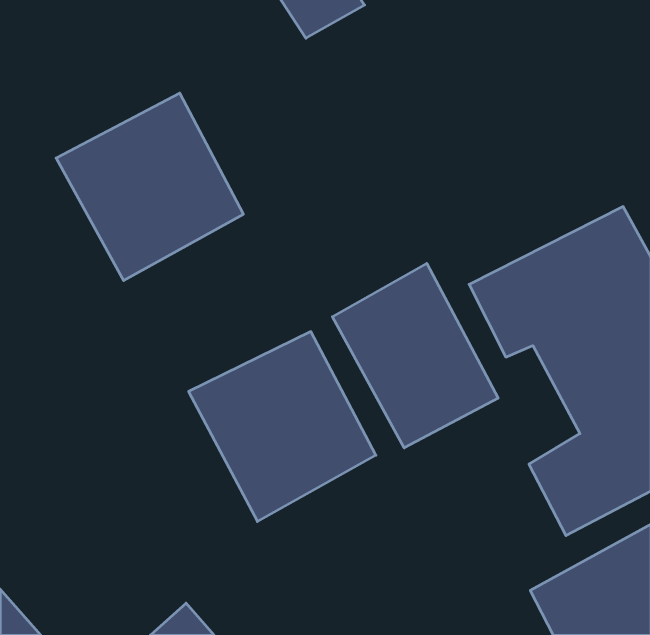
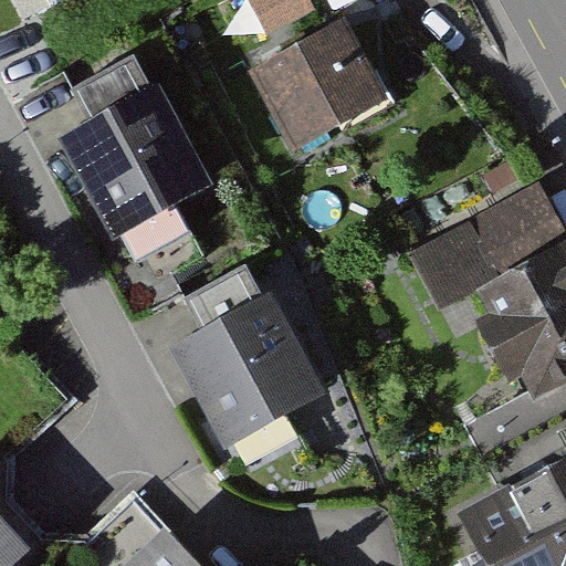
building: none -> [251,14,398,157]
building: [332,263,498,448] -> none

